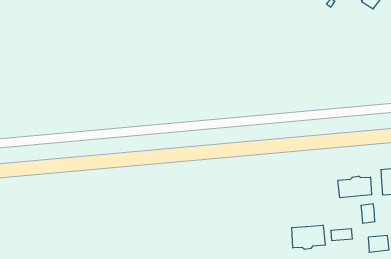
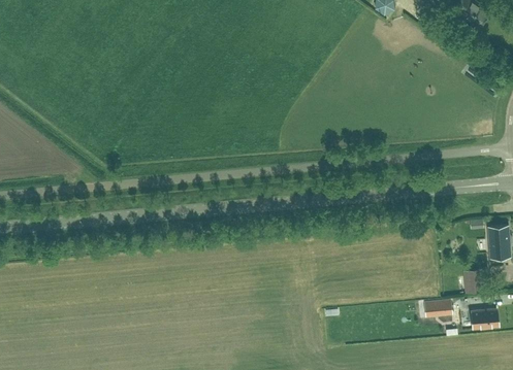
building: [338,176,372,198] -> none
building: [292,225,325,249] -> none

